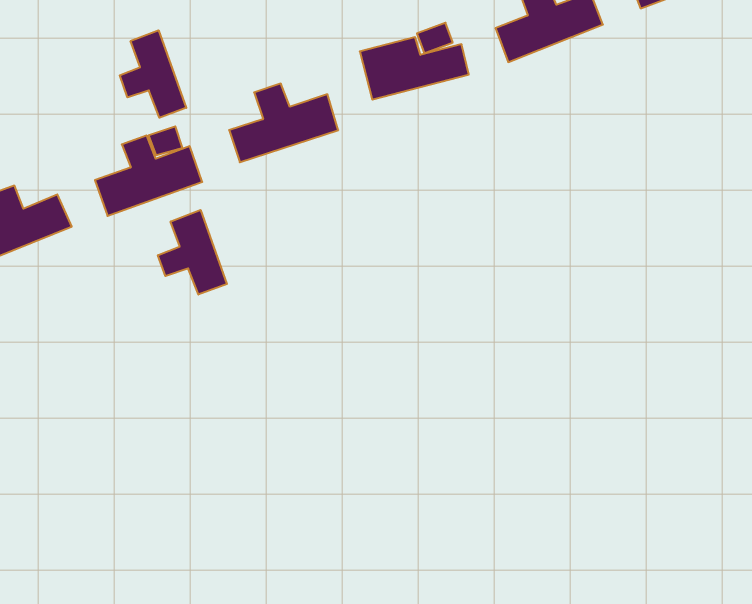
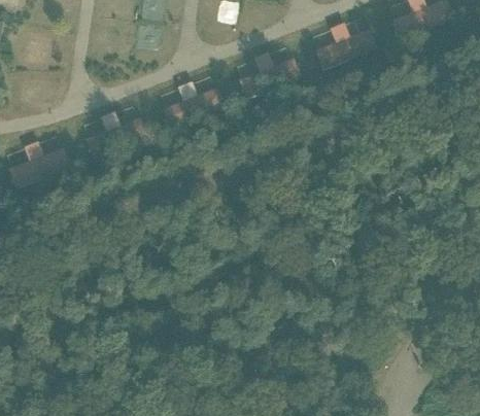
building: [120,30,186,118] -> none
building: [158,210,227,295] -> none

